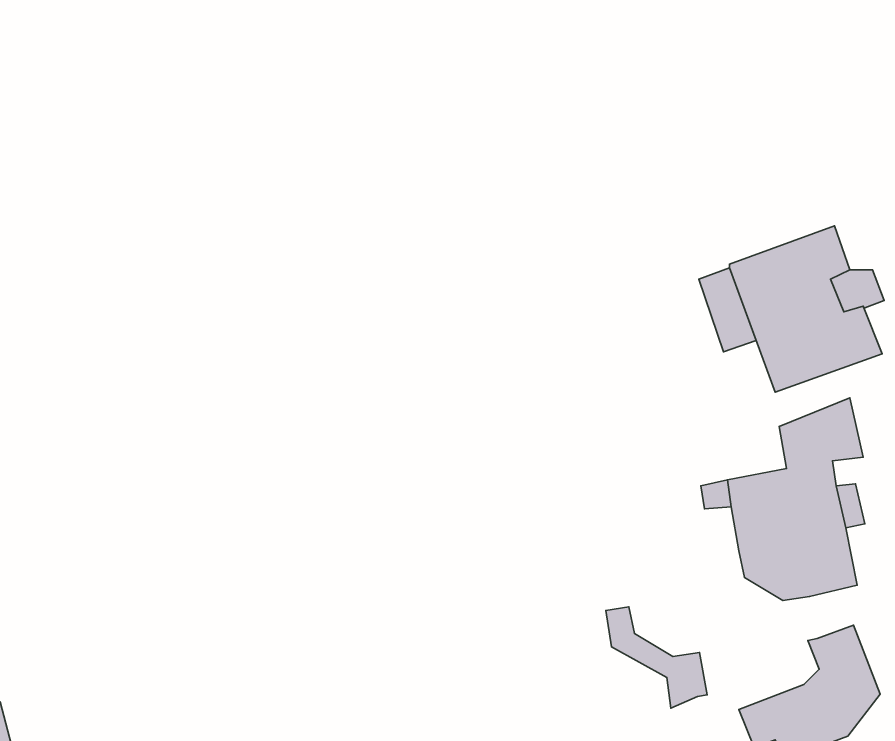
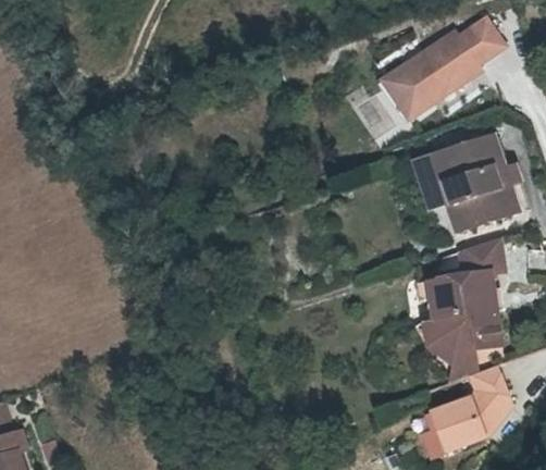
building: none -> [381,16,505,121]
building: [606,607,707,708] -> [423,321,481,379]

